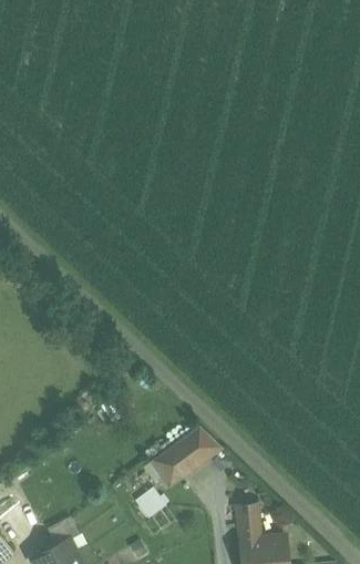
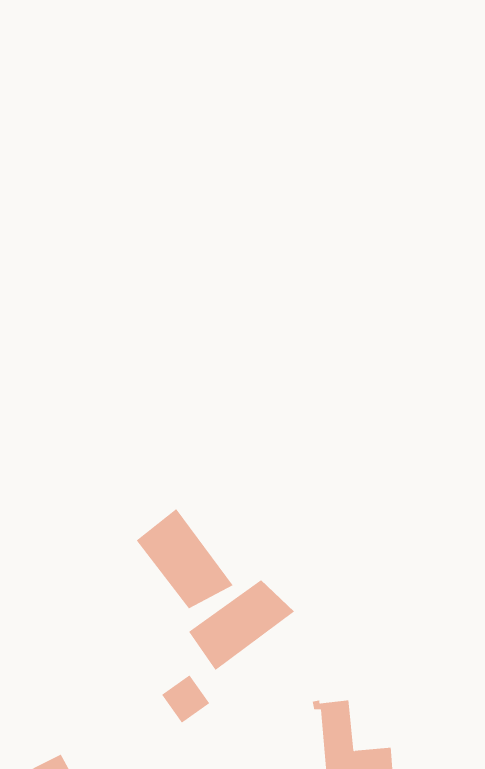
building: none -> [136,508,234,609]

